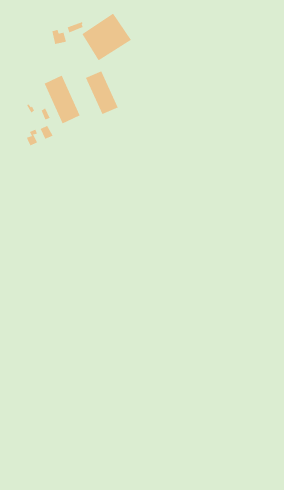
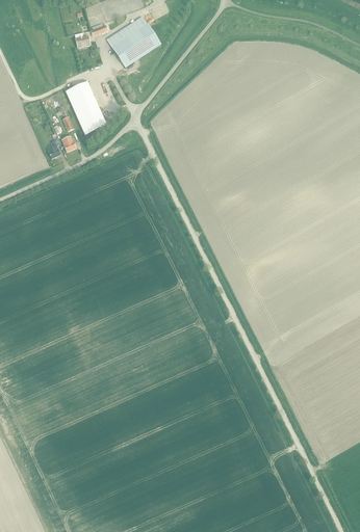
building: [85,71,119,115] -> none

